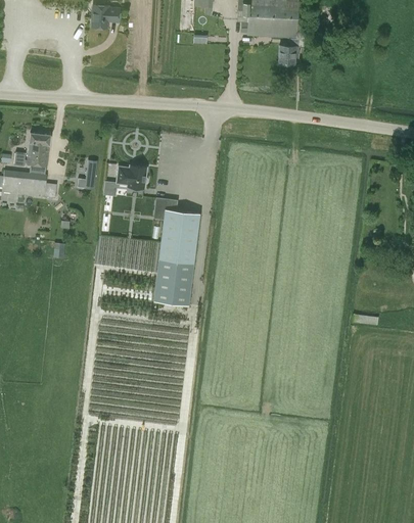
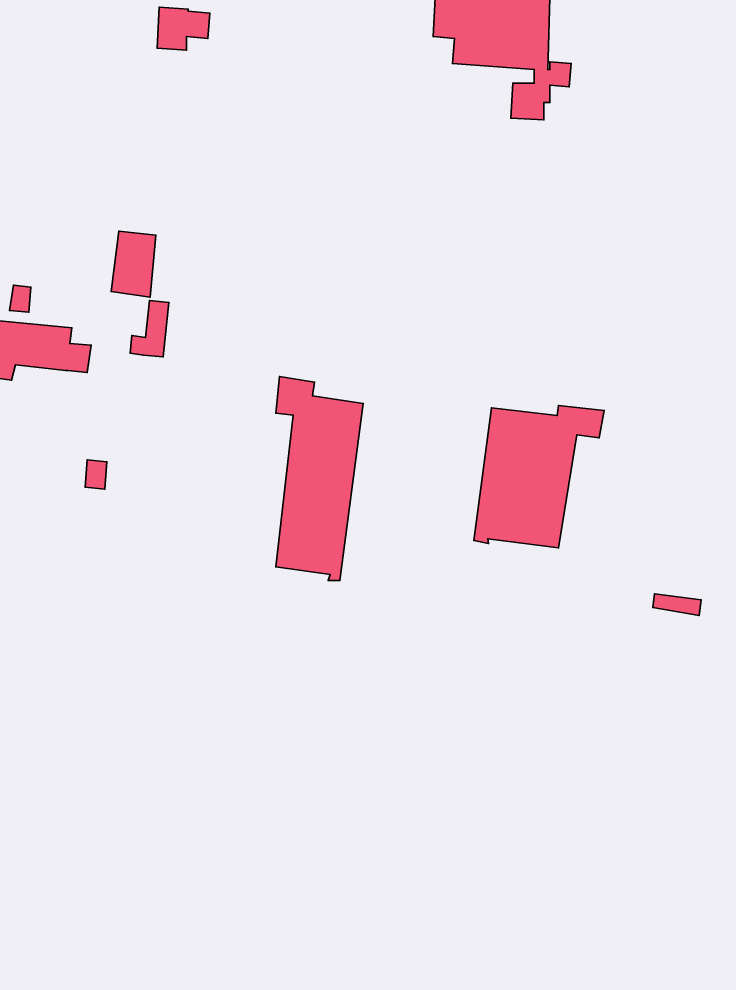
building: [26,132,49,167] -> [111,231,156,297]
building: [117,165,147,188] -> none
building: none -> [474,405,604,548]

